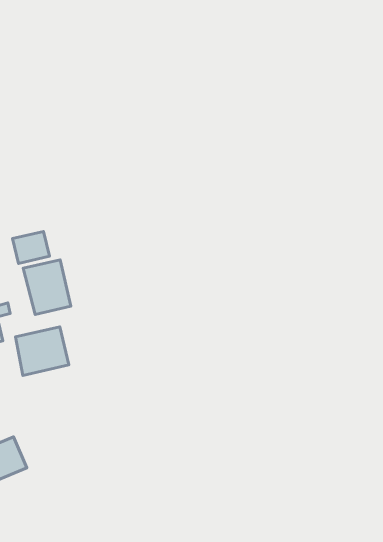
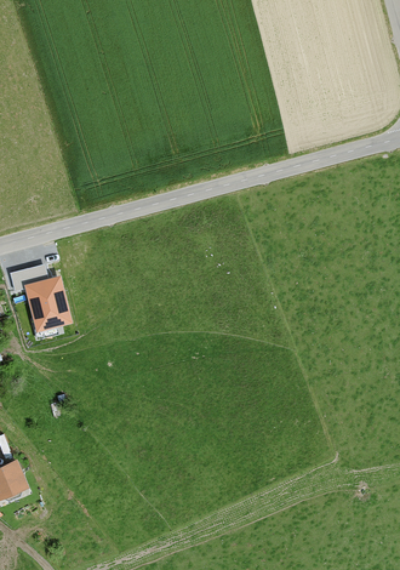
building: [15,327,69,376] -> none

